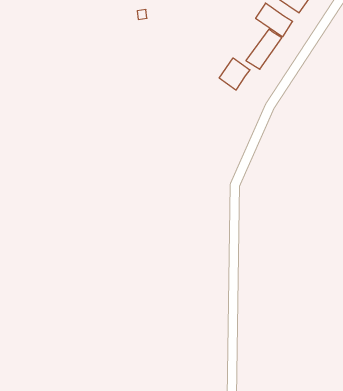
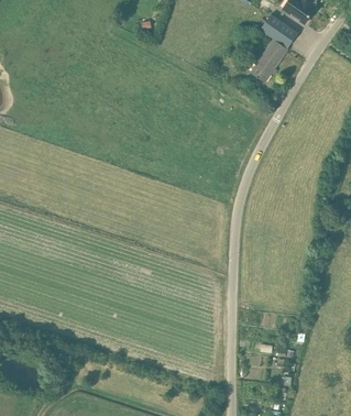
building: [219,58,250,90] -> none

